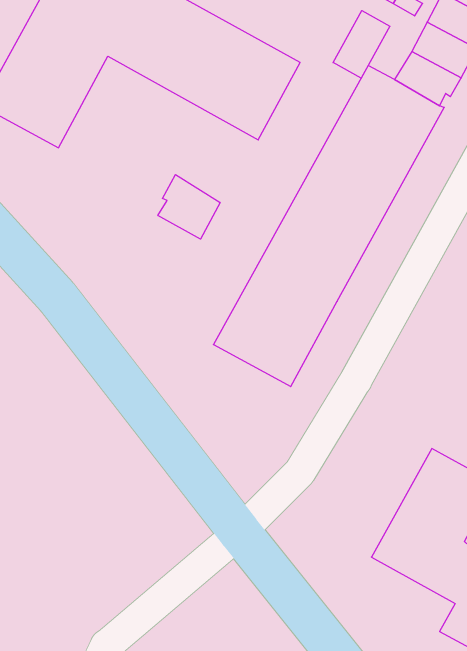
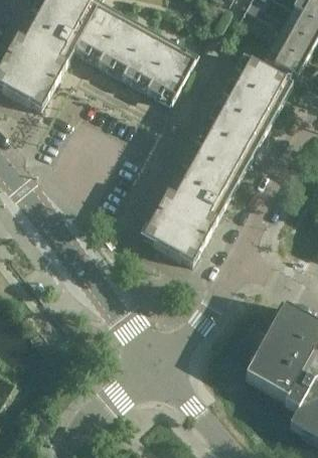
building: [333,11,390,78] -> none
building: [158,175,220,239] -> none

